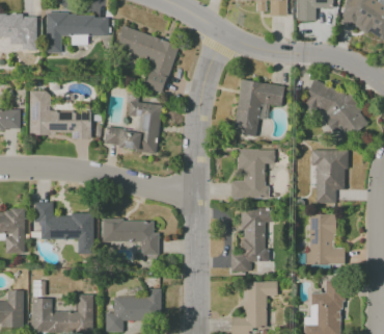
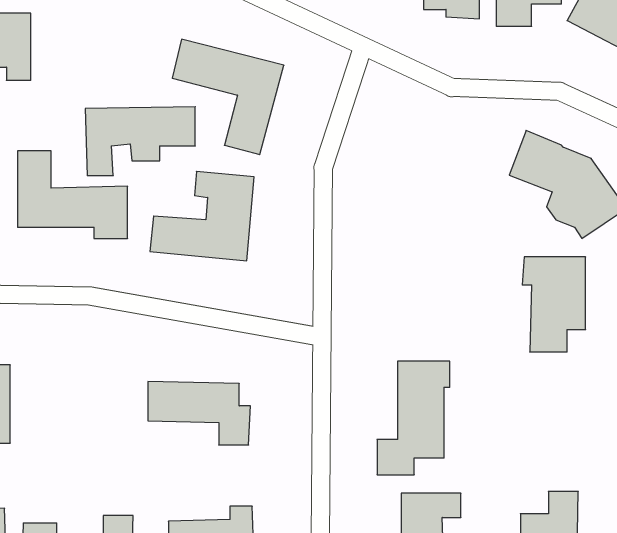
building: [47,15,108,53] -> [85,107,195,176]
building: [235,80,284,136] -> none
building: [231,150,275,199] -> none
building: [34,202,94,254] -> none
building: [308,214,346,264] -> none

